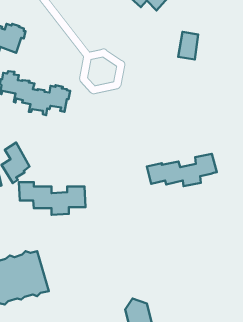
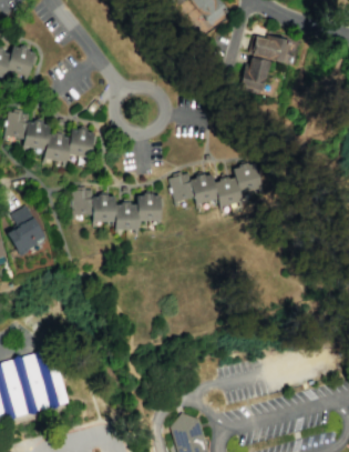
building: none -> [253,33,295,64]
building: [147,154,217,186] -> [170,163,263,207]
building: [19,182,85,215] -> [73,191,162,234]

